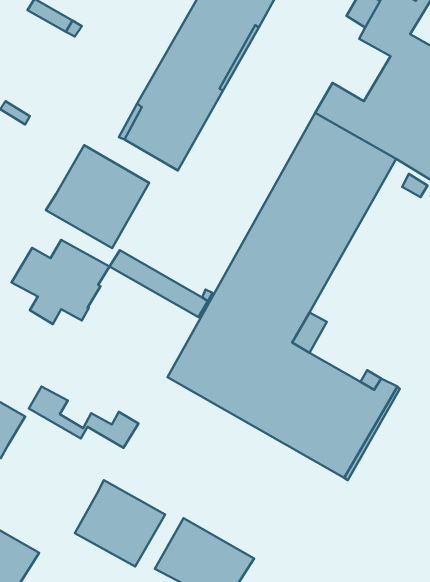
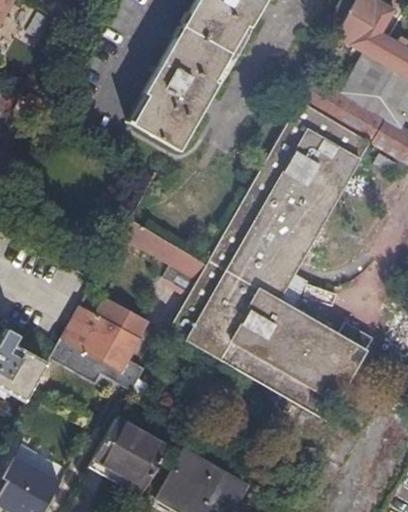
building: [46,145,149,248] -> none
building: [11,240,110,324] -> [62,301,147,374]

